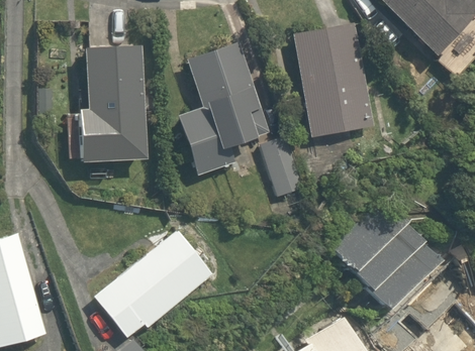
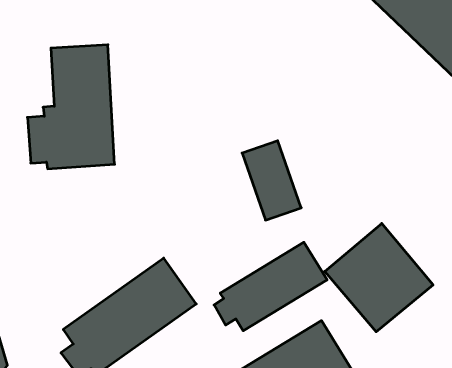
building: [282,20,377,146] -> none
building: [177,41,266,185] -> none
building: none -> [214,242,327,331]

